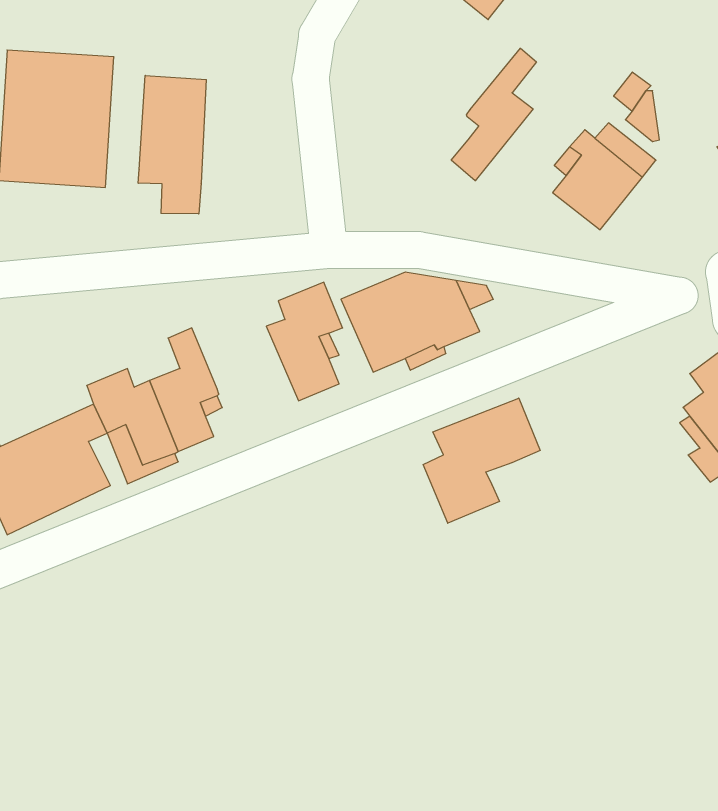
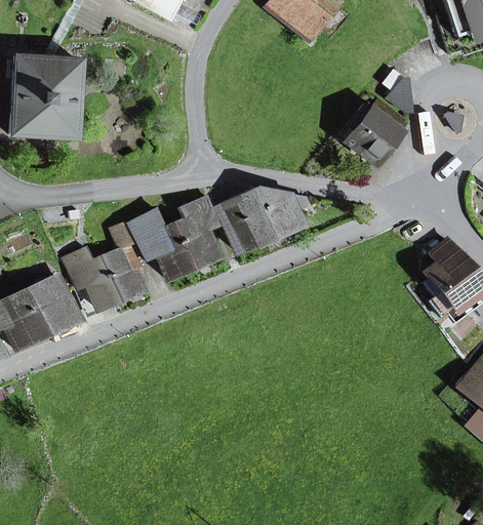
building: [451,48,536,181] -> none
building: [138,75,206,214] -> none
building: none -> [127,209,193,278]
building: [423,398,540,523] -> none

